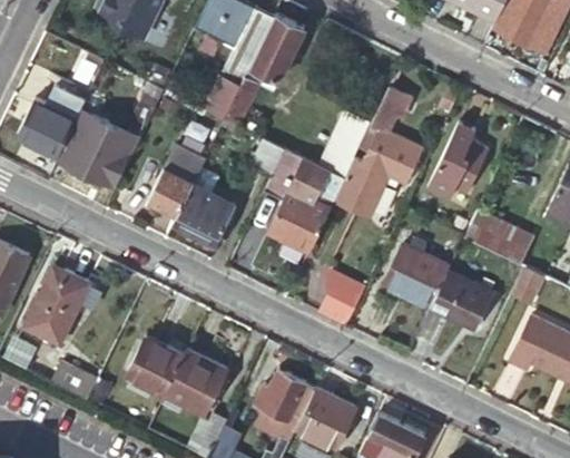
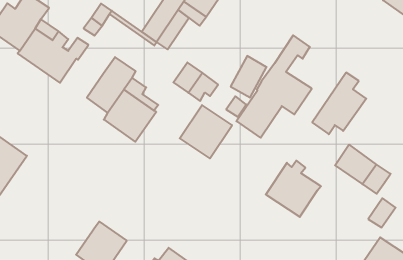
building: [320,265,365,325] -> none
building: [430,271,493,330] -> none
building: [127,337,184,393] -> none

